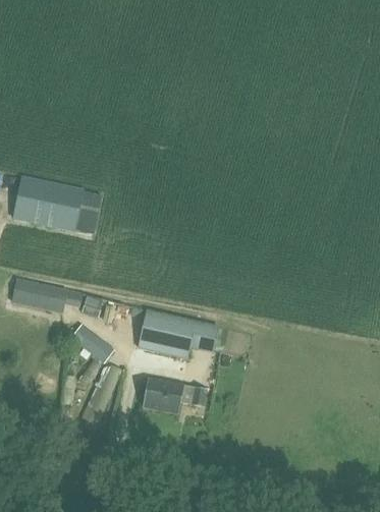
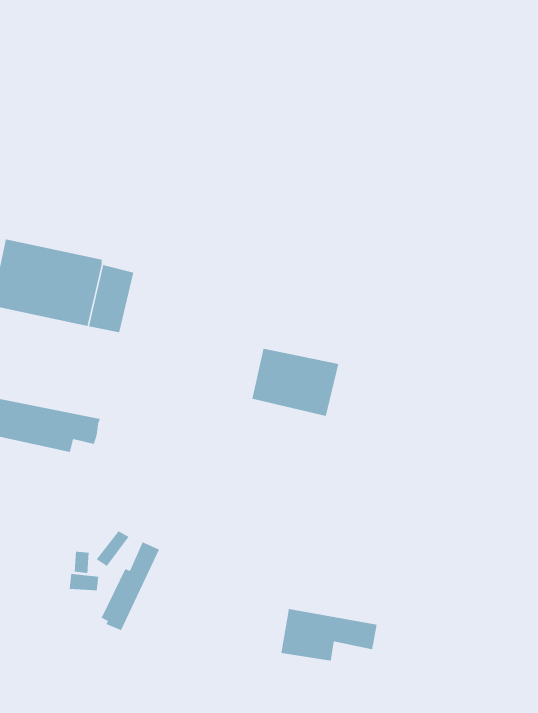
building: [140,312,196,356] -> [252,348,339,417]
building: [69,324,114,362] -> none
building: [145,379,207,412] -> [280,608,378,661]

